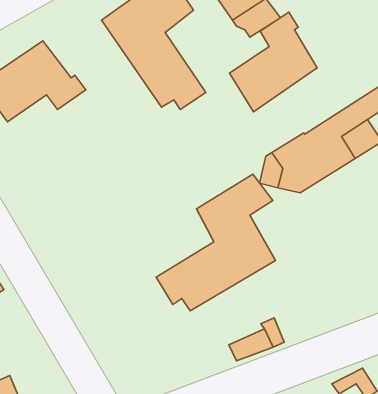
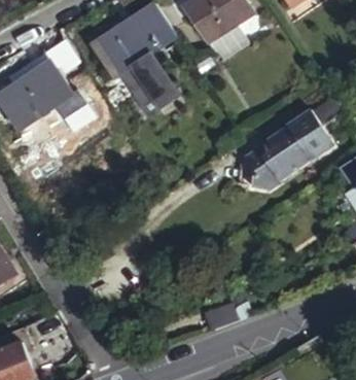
building: [229,12,317,112] -> none
building: [156,174,275,311] -> none

